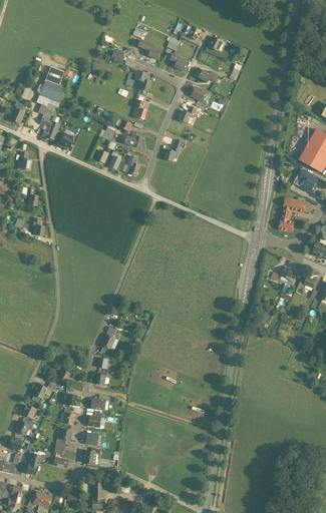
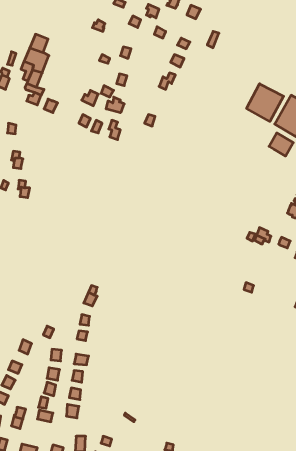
building: none -> [247,84,284,121]
building: [280,198,306,231] -> none

